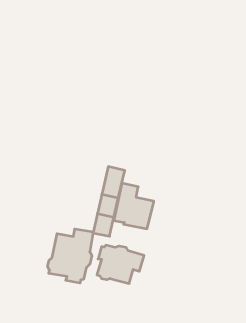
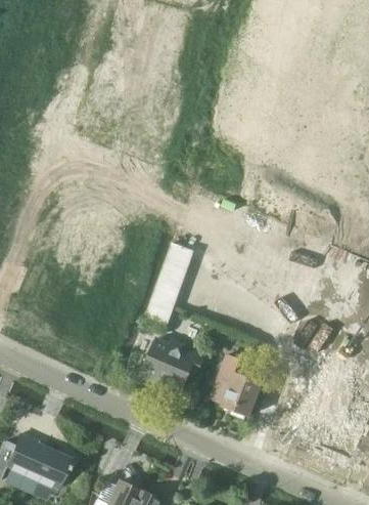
building: [114,183,154,229] -> [211,354,262,414]
building: [48,229,93,283] -> none

